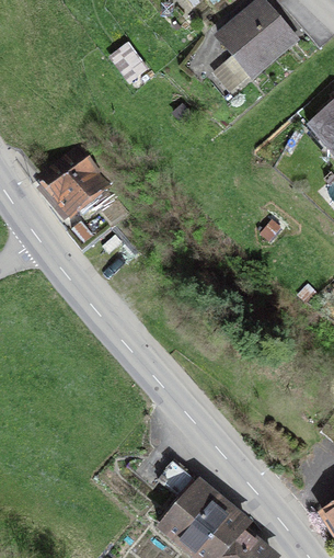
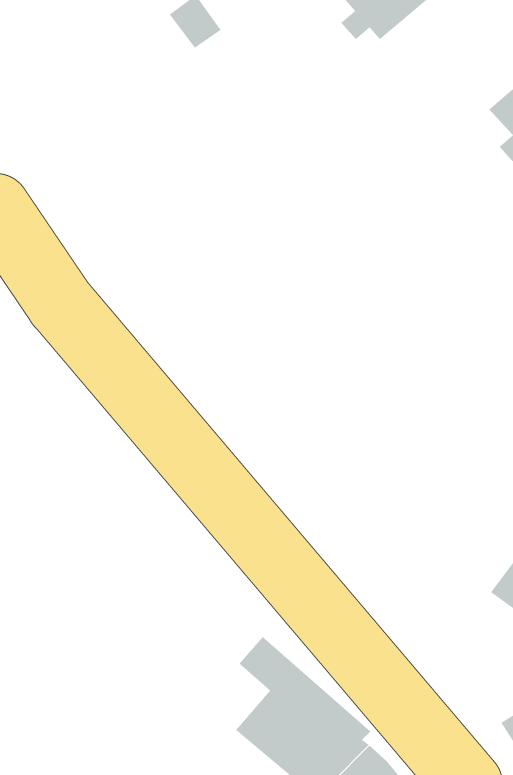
building: [43,147,107,216] -> none

